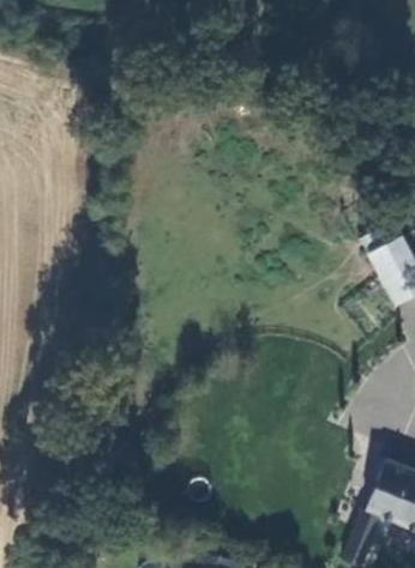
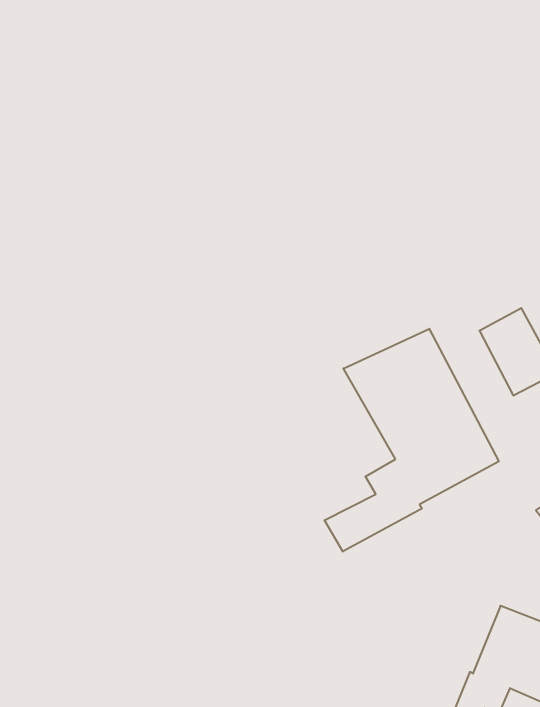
building: none -> [325,329,499,552]

